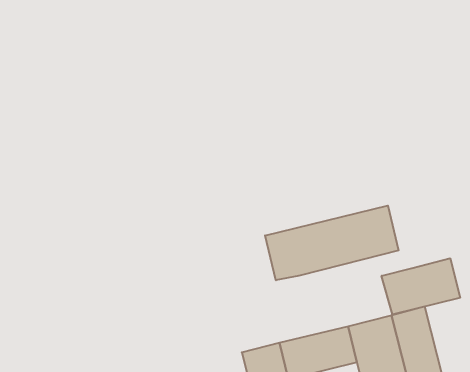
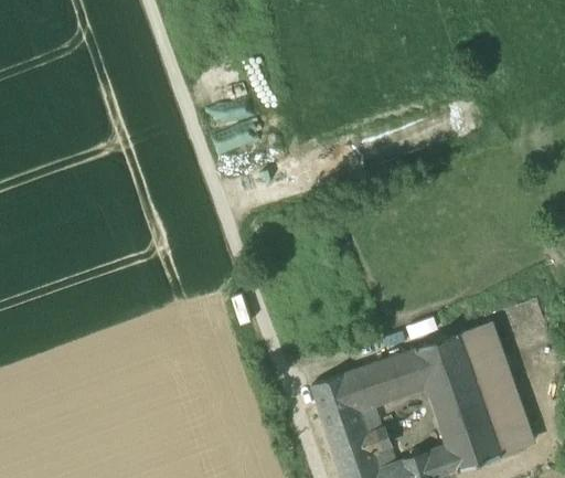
building: [265,206,399,280] -> none
building: [382,258,460,315] -> none

